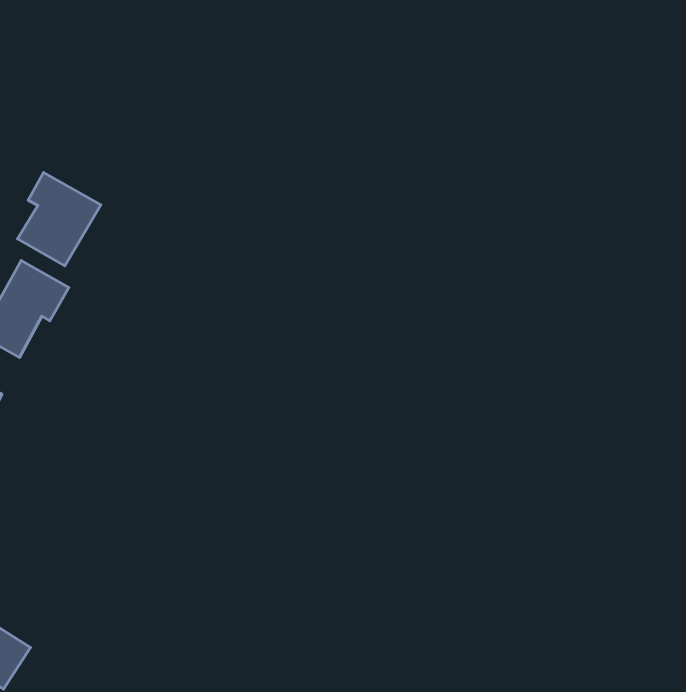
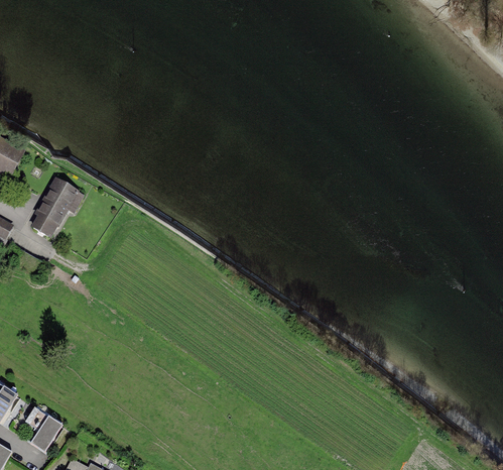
building: [18,172,101,266] -> none

